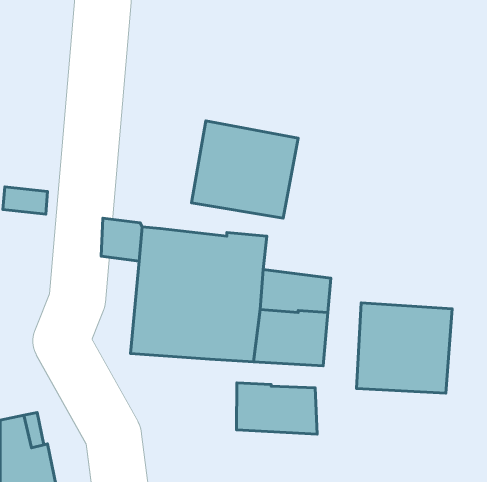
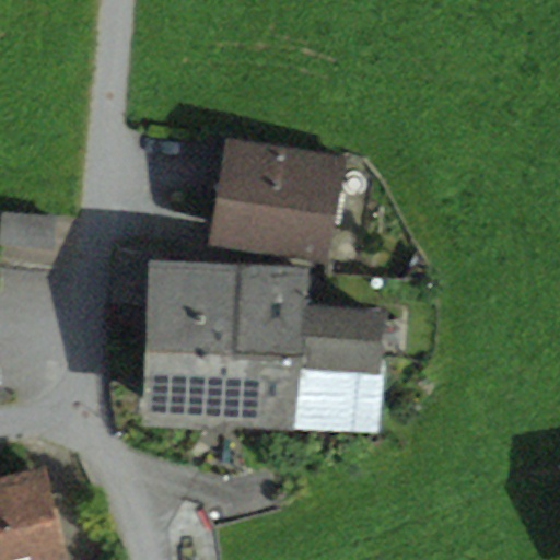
building: [356,303,452,393] -> none
building: [237,383,317,434] -> none

